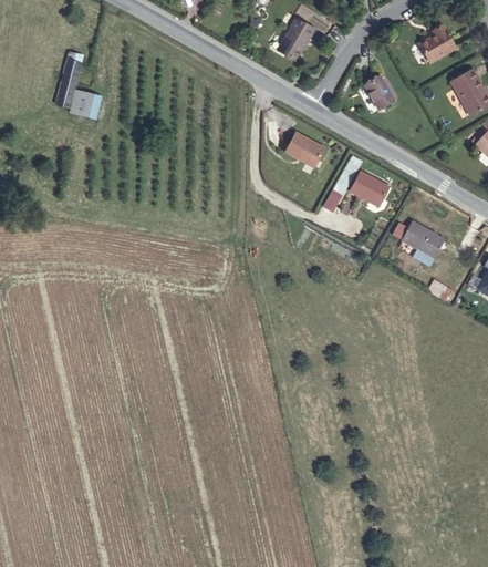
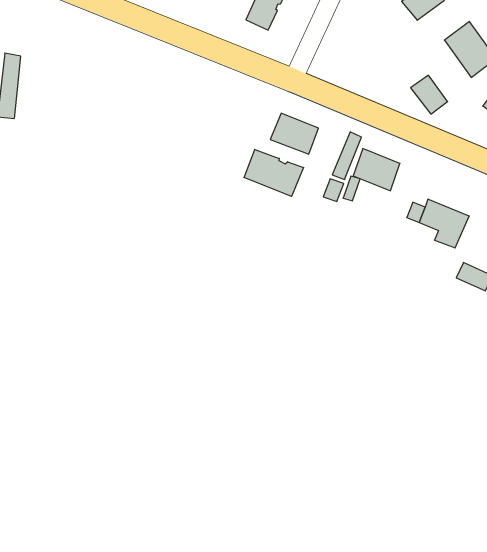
building: [365,74,395,107] -> [411,75,448,114]
building: [71,87,102,117] -> none
building: none -> [244,149,304,196]

